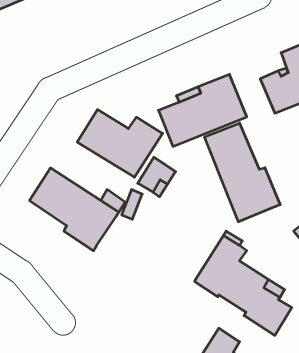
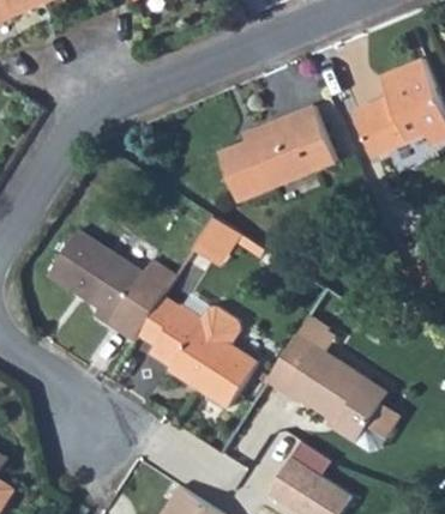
building: [77,110,163,177] -> none
building: [205,123,280,222] -> none
building: none -> [136,294,255,407]

